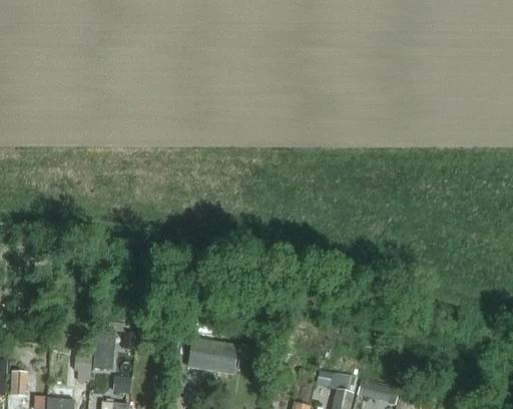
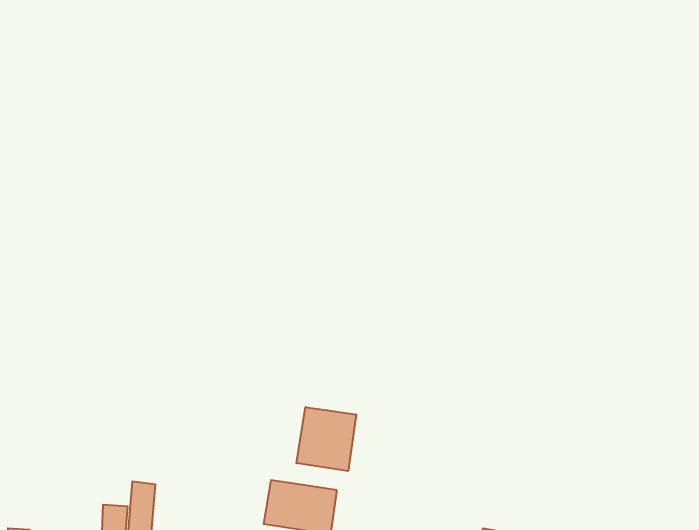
building: none -> [296,407,356,471]

